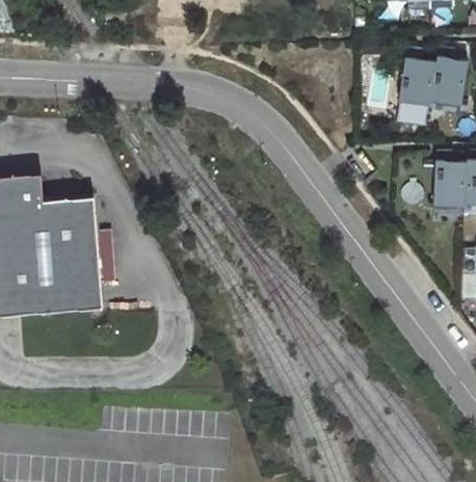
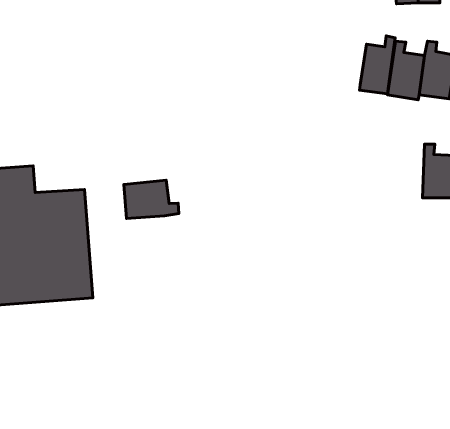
building: none -> [360,36,395,94]
building: none -> [124,180,179,218]

